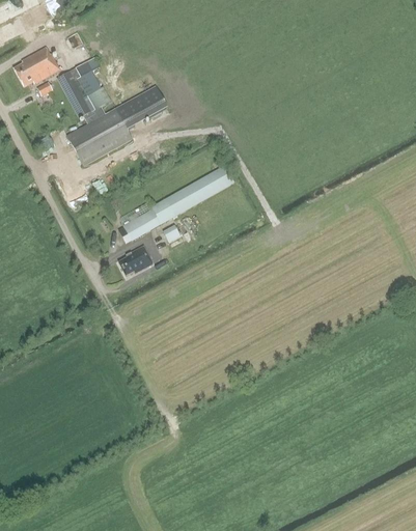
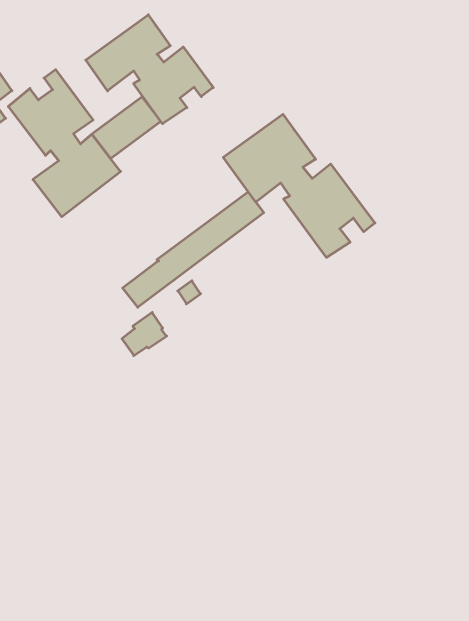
building: none -> [86,15,213,124]
building: none -> [223,114,375,257]

